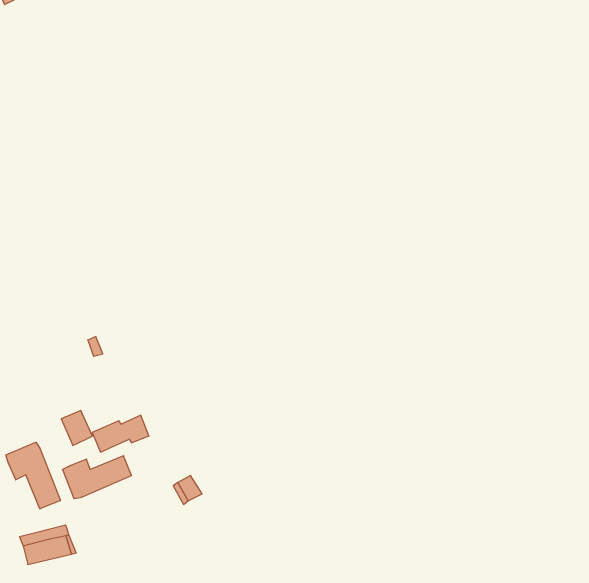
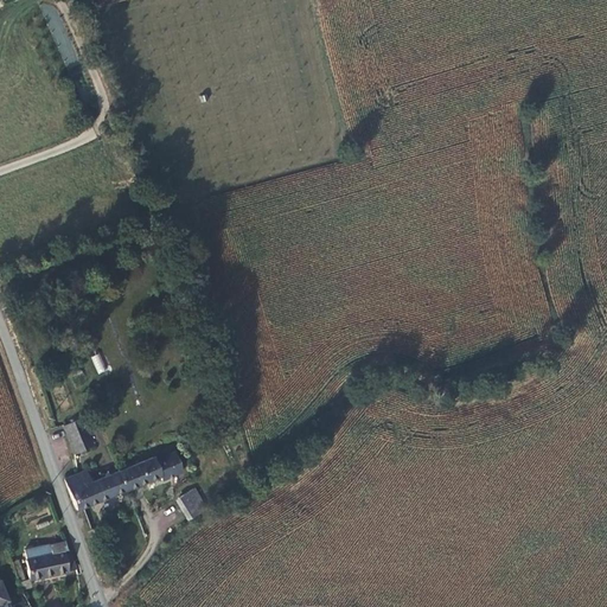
building: [92,415,149,452] -> [127,449,185,487]
building: [6,442,60,509] -> none

